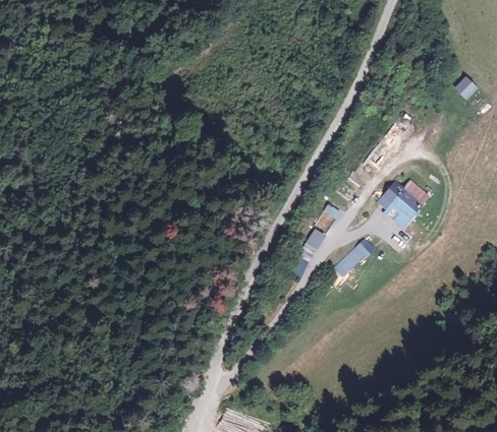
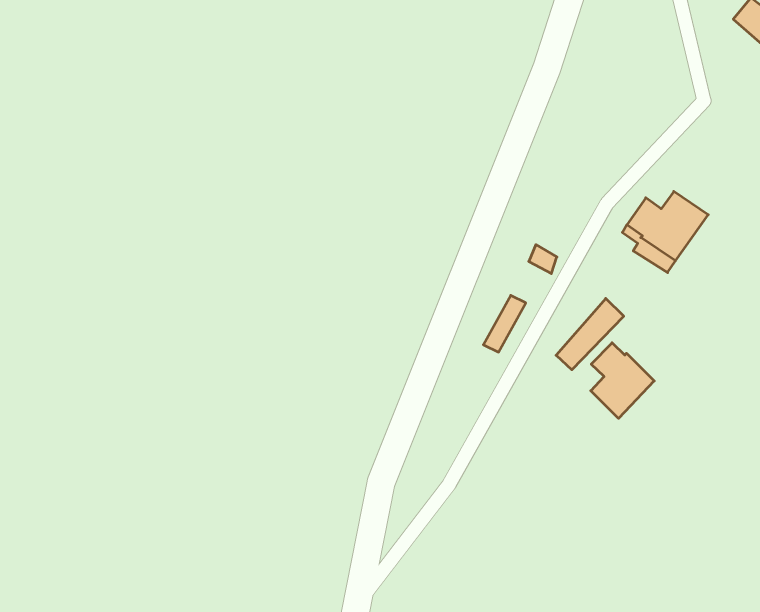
building: none -> [591,343,654,418]

